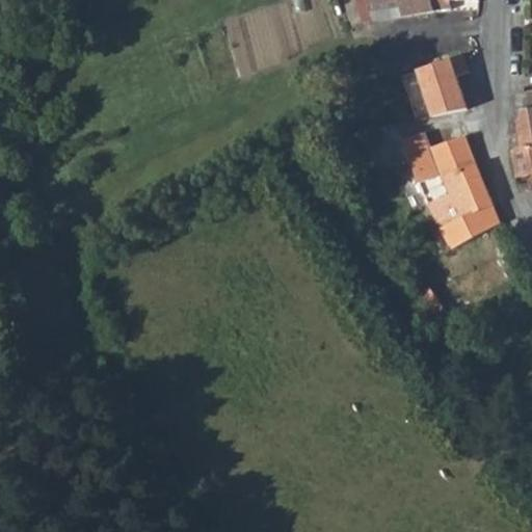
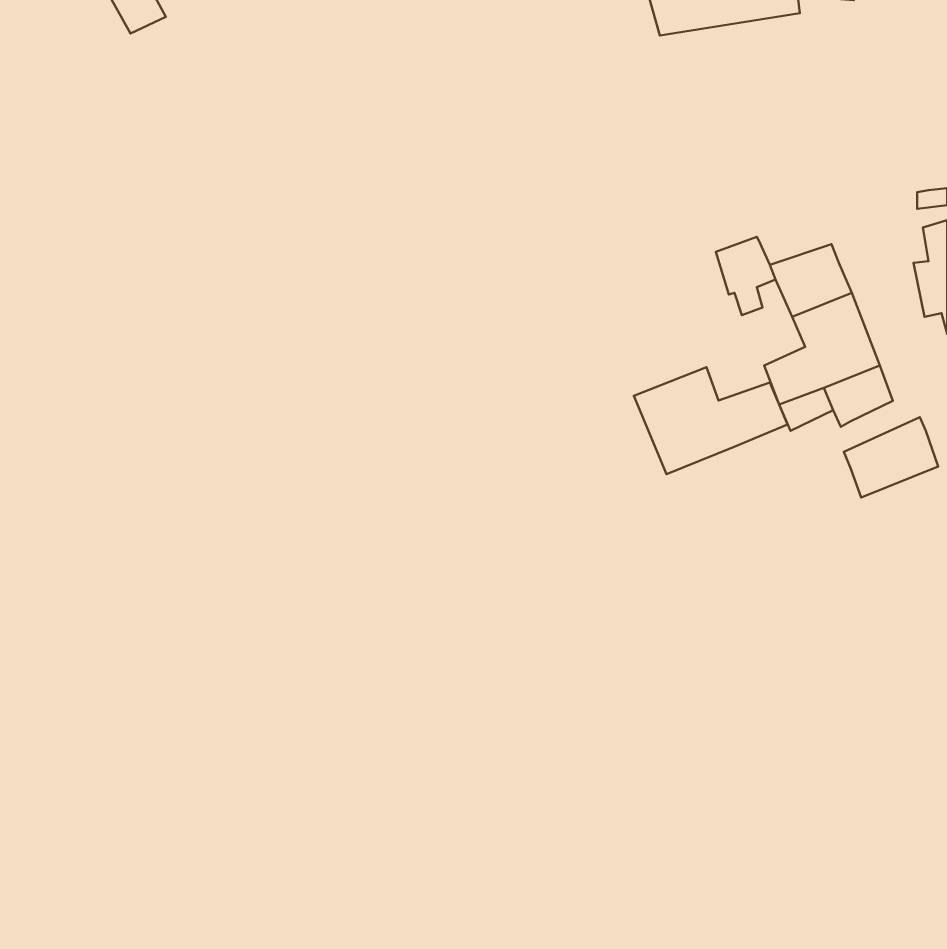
building: [415,52,467,114] -> none
building: none -> [634,367,788,474]
building: none -> [844,417,938,497]

